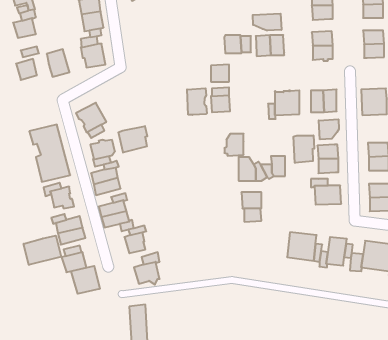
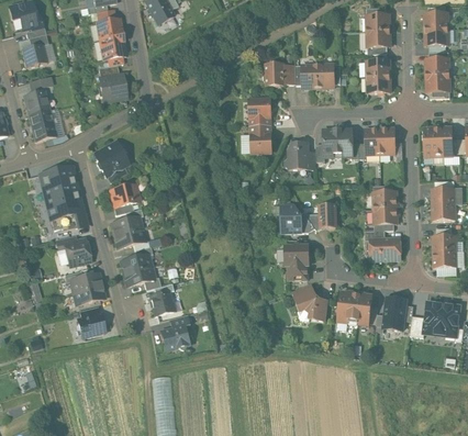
building: [253,14,281,31] -> none
building: [47,49,70,77] -> [30,110,56,142]
building: [187,88,207,115] -> none
building: [319,119,339,139] -> none
building: [118,126,147,153] -> none
building: [224,134,244,156] -> [286,143,308,168]
building: [293,135,314,163] -> none
building: none -> [292,283,326,320]
building: [24,236,61,265] -> none
building: [71,266,100,294] -> none

